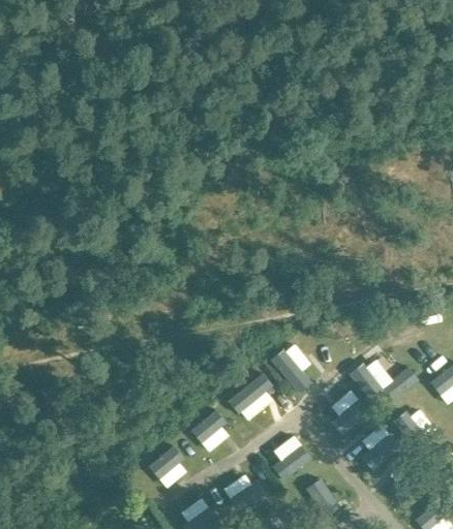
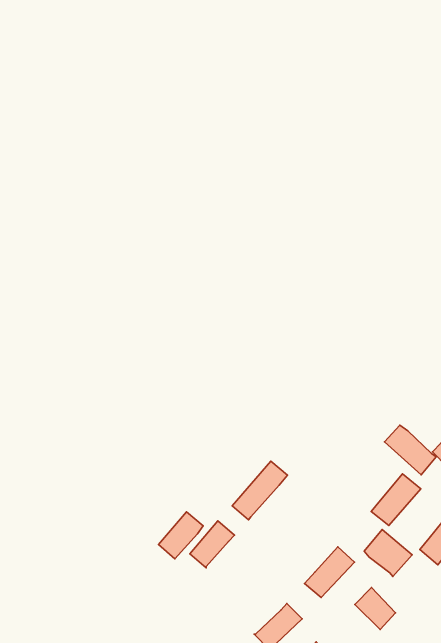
building: [270,348,311,394] -> none
building: none -> [364,530,412,577]
building: [149,445,184,478] -> [159,512,203,559]

